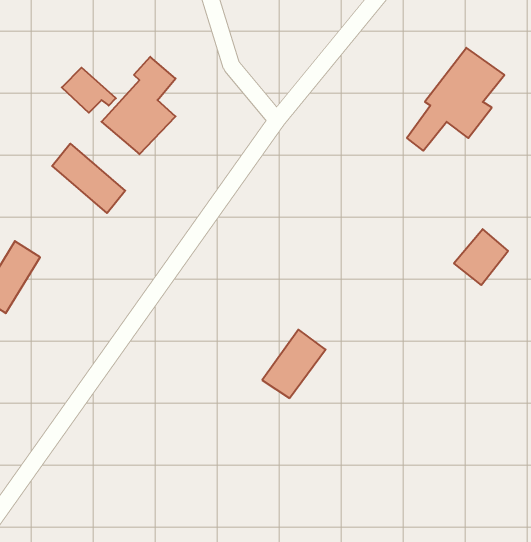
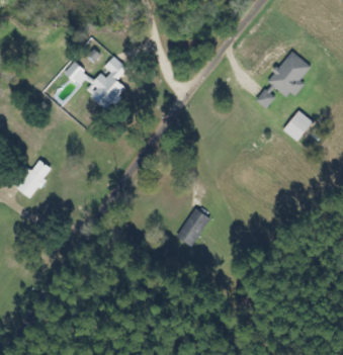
building: [52,144,125,213] -> none
building: [454,229,508,285] -> [282,110,313,142]

